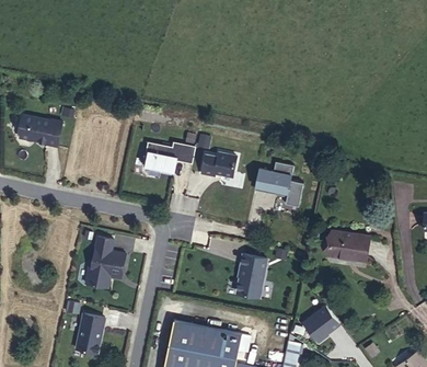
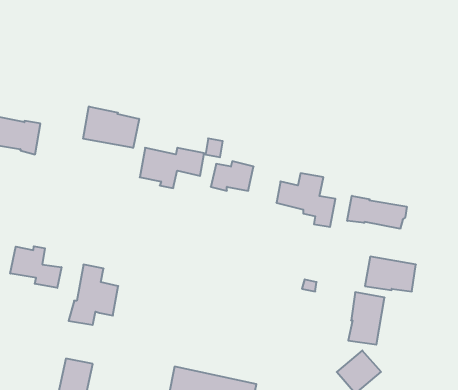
building: none -> [83,106,139,148]
building: none -> [347,196,407,229]
building: none -> [10,246,61,288]
building: [238,254,267,297] -> [348,292,385,345]

